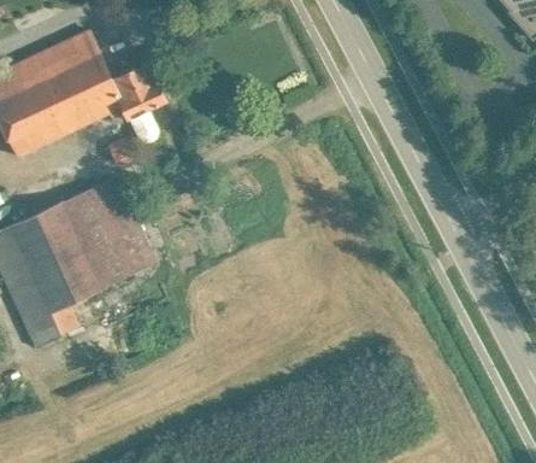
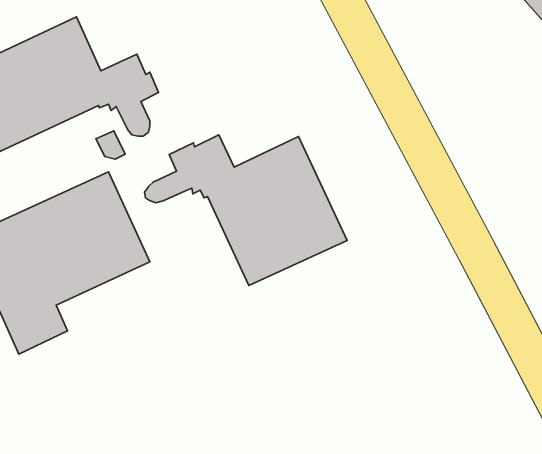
building: none -> [145,135,347,285]

